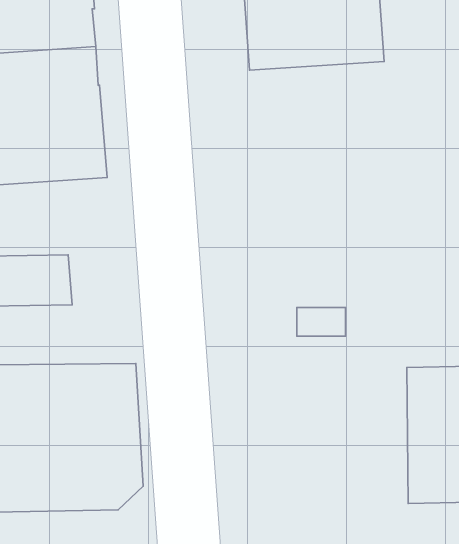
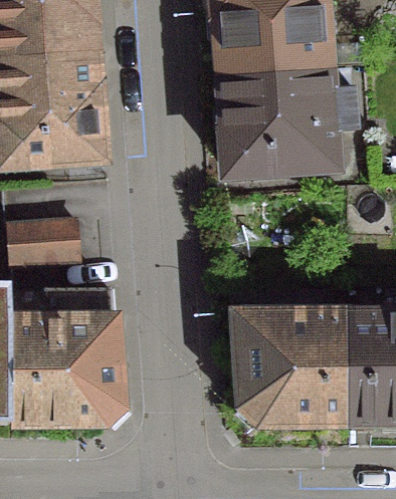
building: none -> [216,66,352,175]
building: none -> [231,312,344,435]

